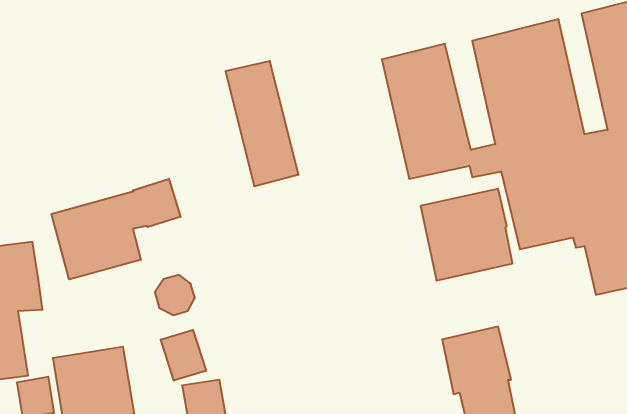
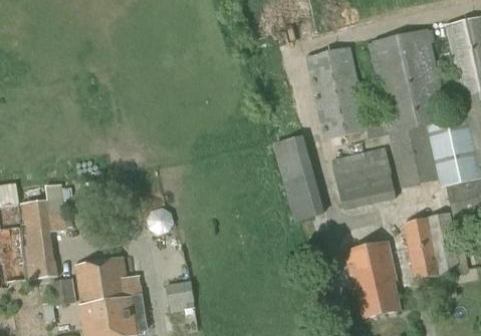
building: [225,61,299,186] -> [271,133,322,221]
building: [51,179,181,279] -> none
building: none -> [403,211,469,279]
building: [161,330,206,381] -> none

